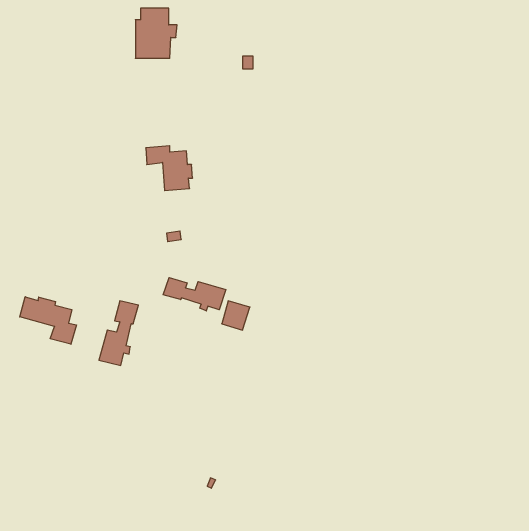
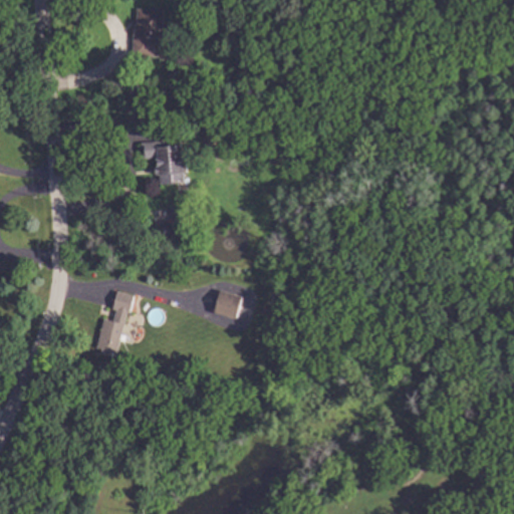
building: [163,278,226,311] -> none
building: [20,297,76,344] -> none

